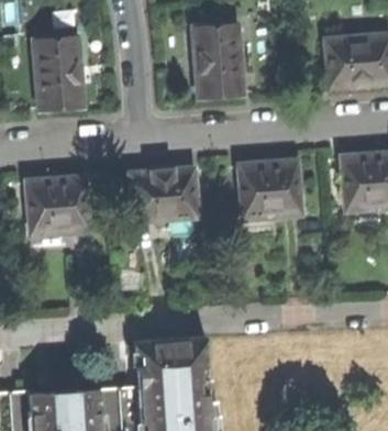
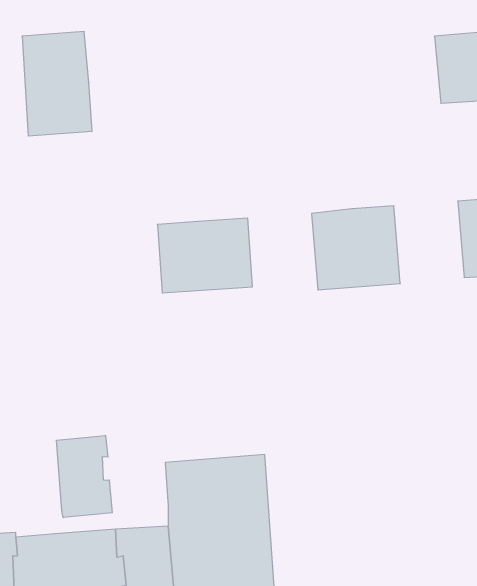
building: [192,24,242,98] -> none
building: [25,176,87,234] -> none
building: none -> [57,435,112,518]

